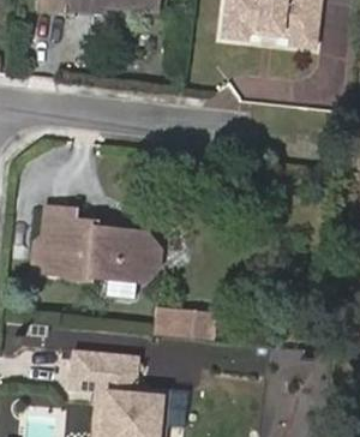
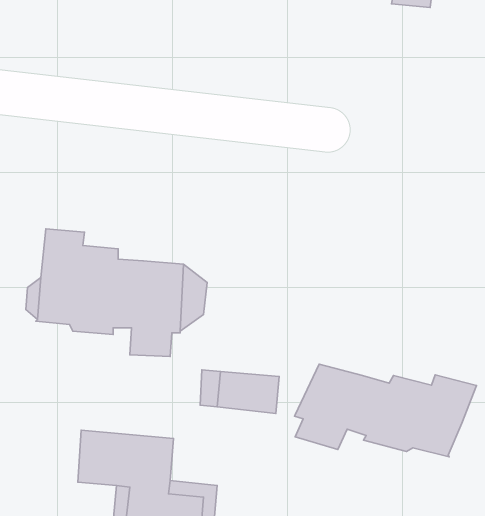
building: none -> [294,364,477,457]

